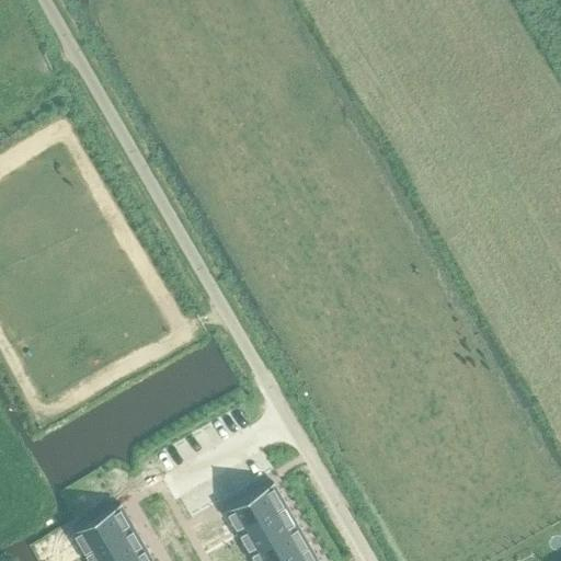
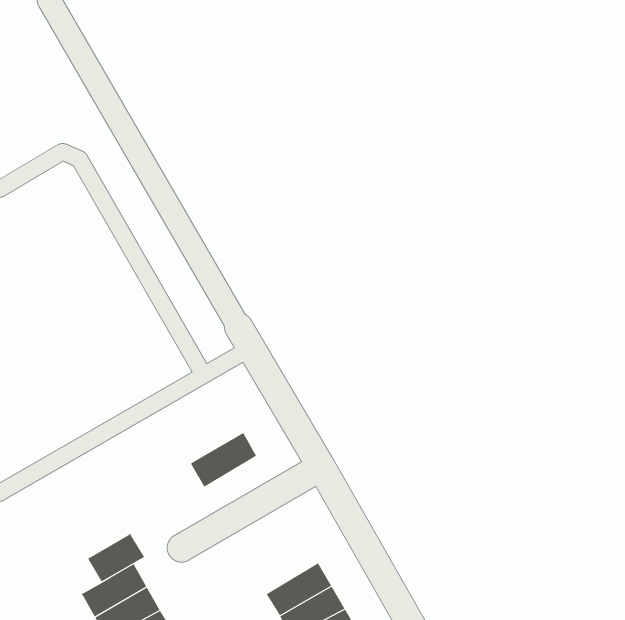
building: none -> [87,533,145,582]
building: [227,488,286,537] -> [191,432,257,488]

